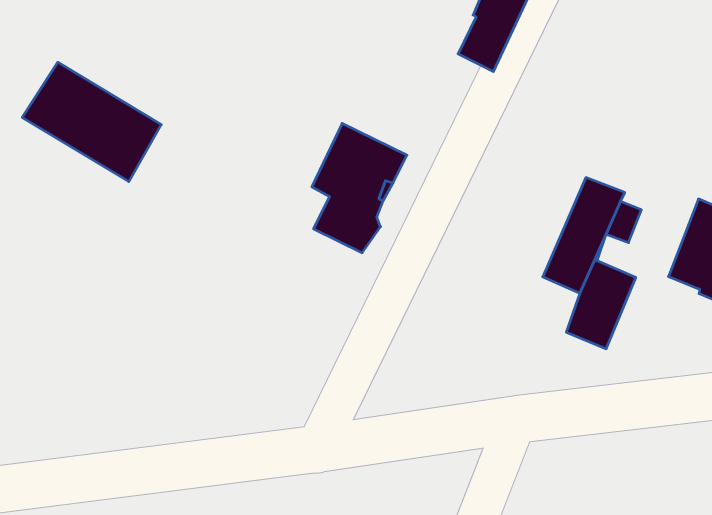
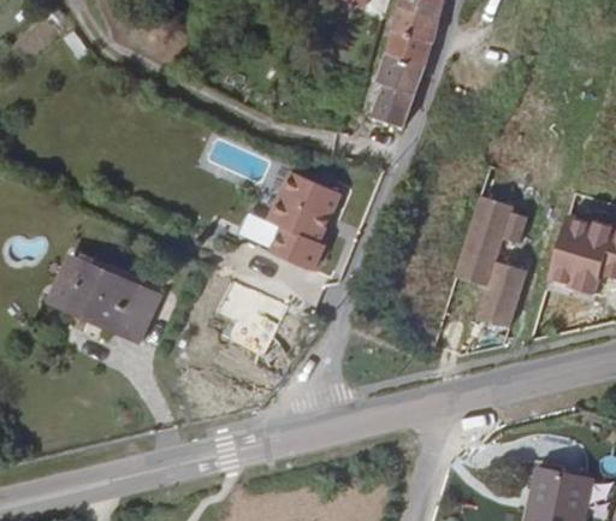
building: [22,62,161,182] -> [58,253,166,339]

